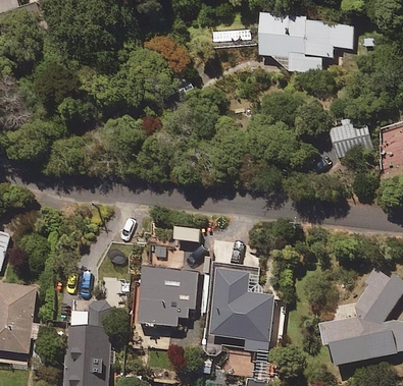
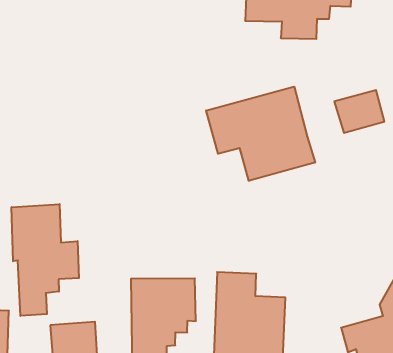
building: none -> [206,87,315,181]
building: none -> [12,204,79,316]

